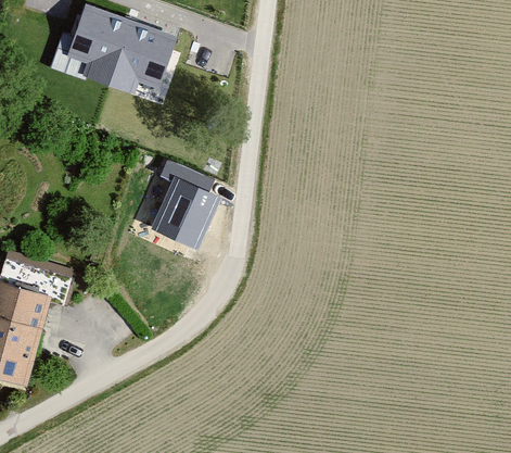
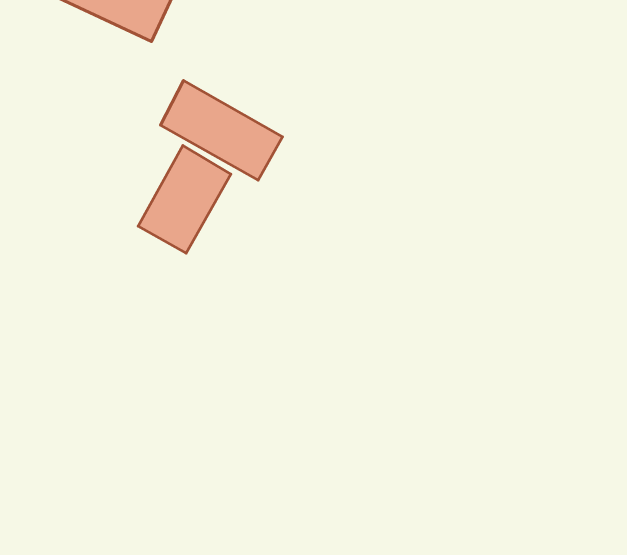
building: none -> [160,80,282,180]

